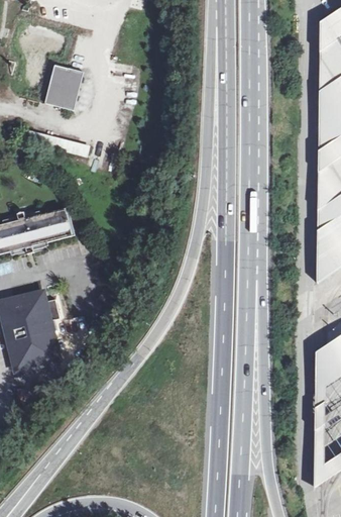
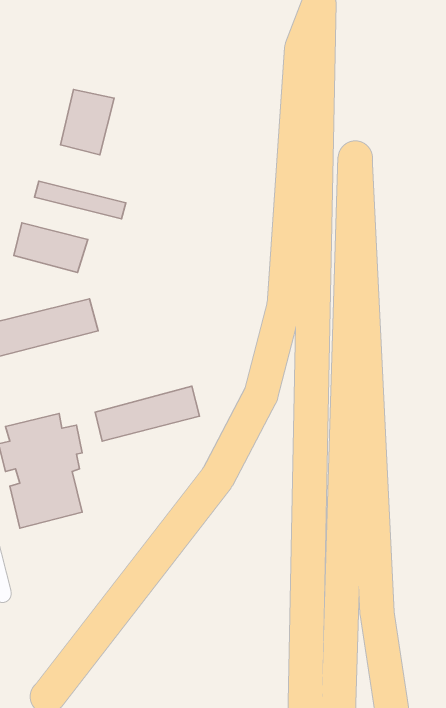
building: none -> [14,223,88,272]
building: none -> [95,386,200,441]

